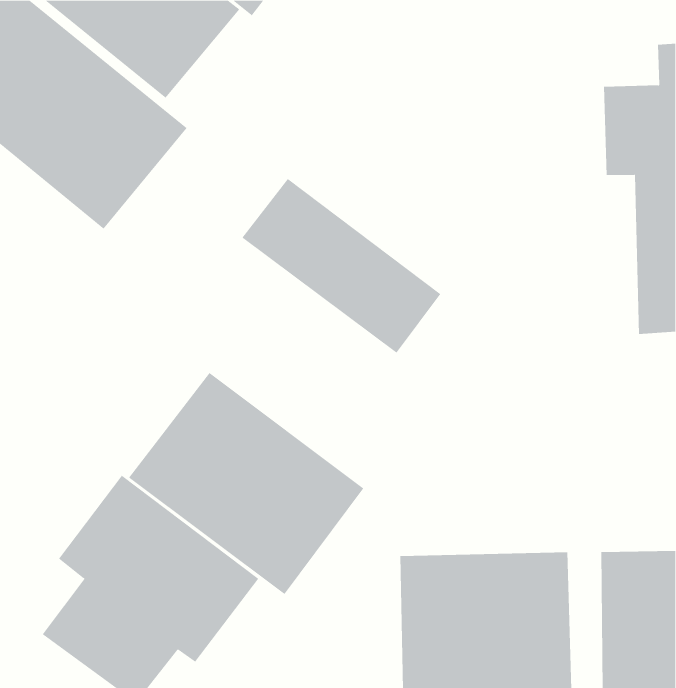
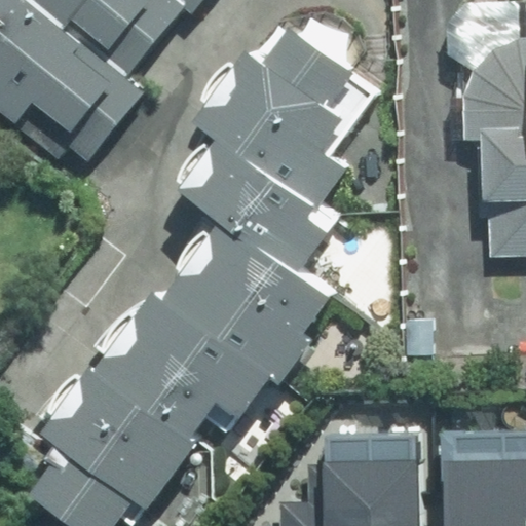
building: none -> [196,20,355,208]
building: none -> [171,217,338,374]

